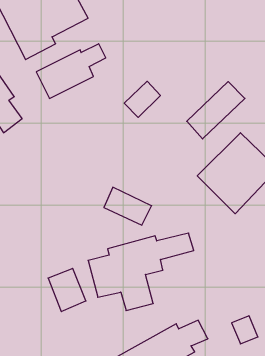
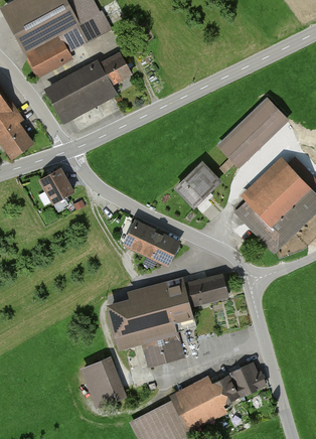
building: [124,81,160,117] -> [176,164,217,205]
building: none -> [38,169,71,202]
building: [48,268,86,312] -> [81,357,124,407]
building: [232,316,258,344] -> [234,360,265,393]

